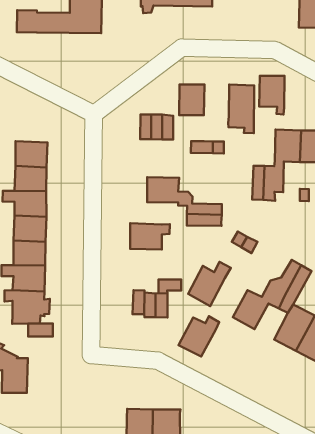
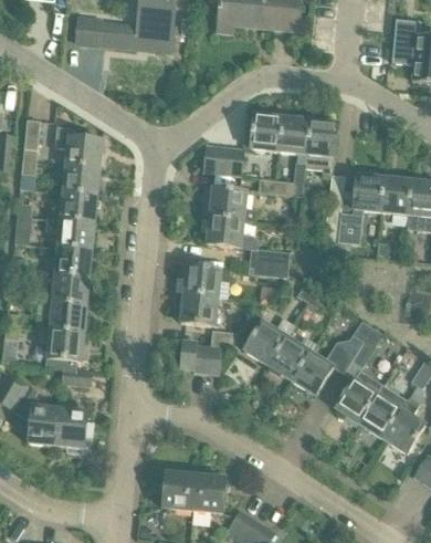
building: [259,76,284,114] -> [277,117,308,163]
building: none -> [55,127,103,168]
building: none -> [203,187,259,220]
building: none -> [180,294,219,325]
building: [178,316,219,356] -> [267,335,315,379]
building: none -> [55,407,94,453]

